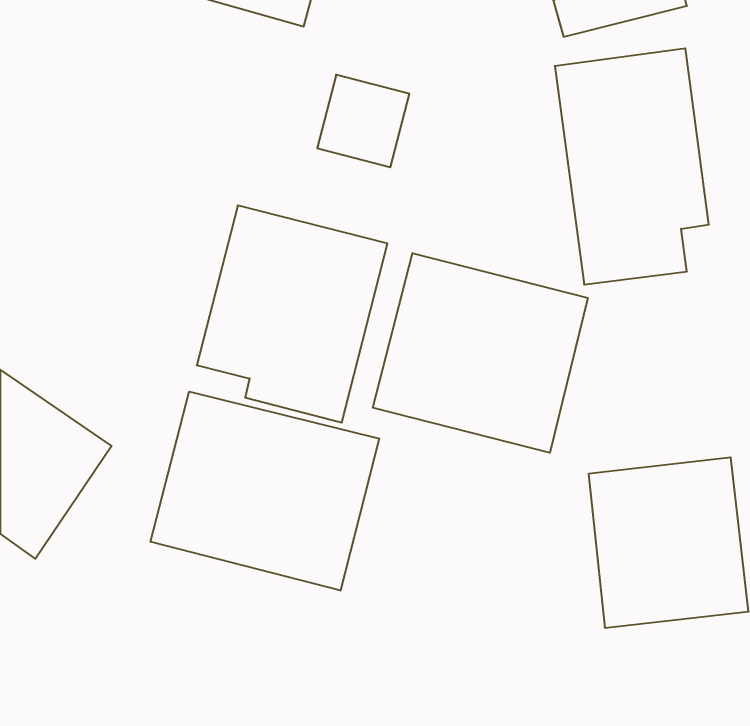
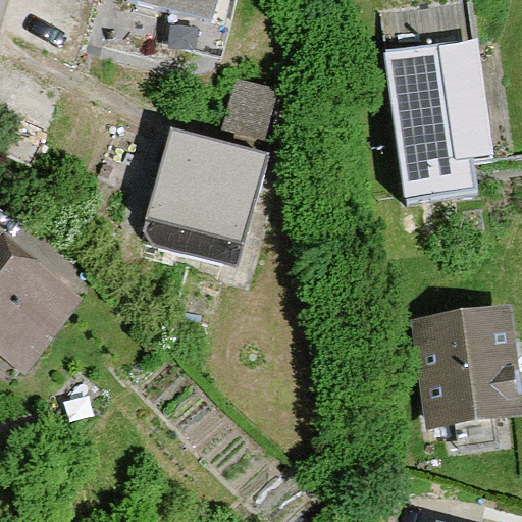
building: [373,253,588,453] -> none
building: [151,392,379,591] -> none

